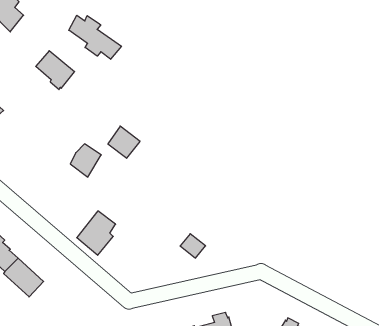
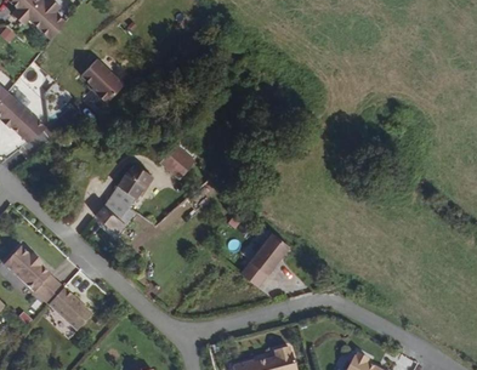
building: [69,15,121,59] -> none
building: none -> [250,233,289,274]
building: [77,211,116,255] -> [96,184,138,233]

